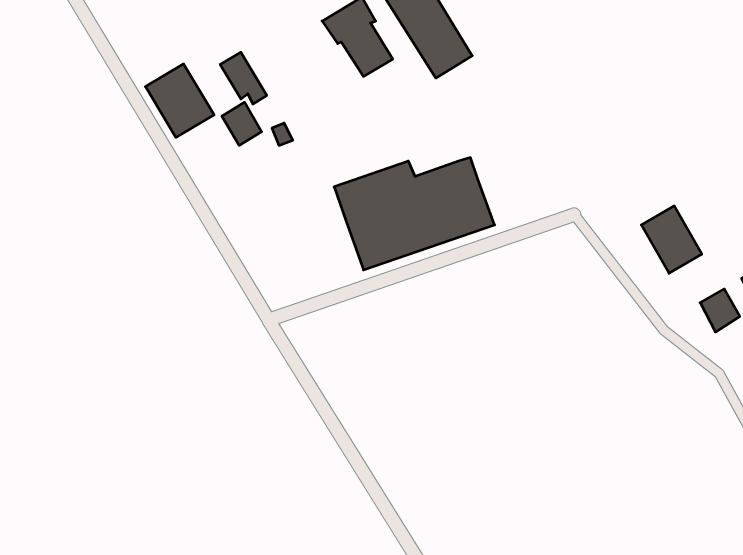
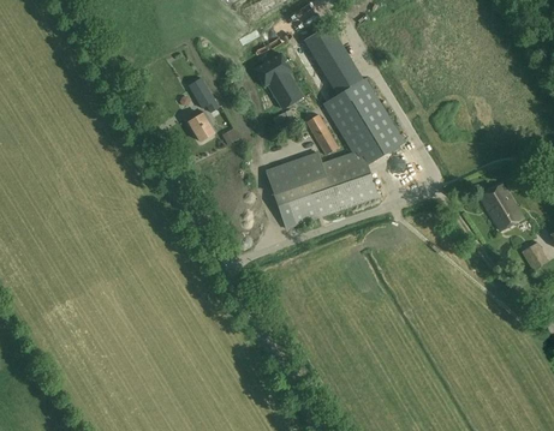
building: none -> [322,78,403,164]
building: [145,64,214,137] -> none
building: none -> [304,113,338,155]

